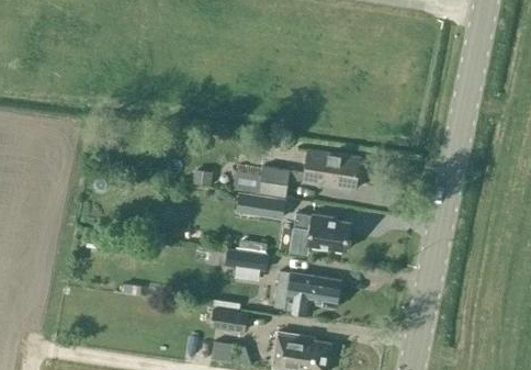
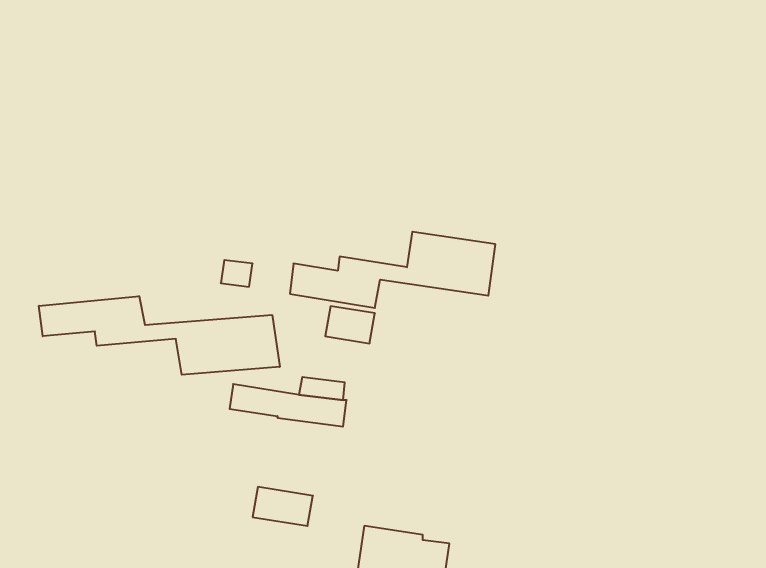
building: none -> [39,296,280,375]
building: [295,212,350,250] -> none
building: [273,270,340,313] -> none

